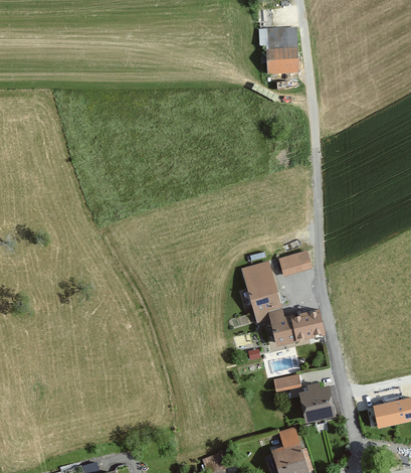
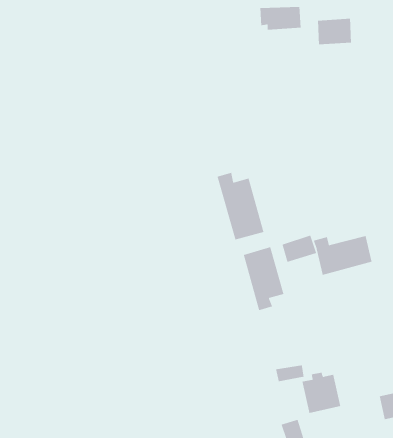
building: [265,51,298,77] -> [317,18,352,45]
building: none -> [216,172,265,240]
building: [267,306,325,345] -> [313,235,373,276]

